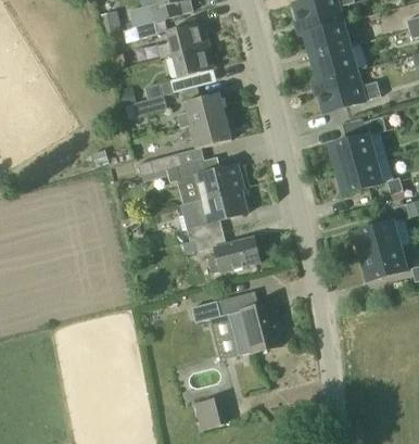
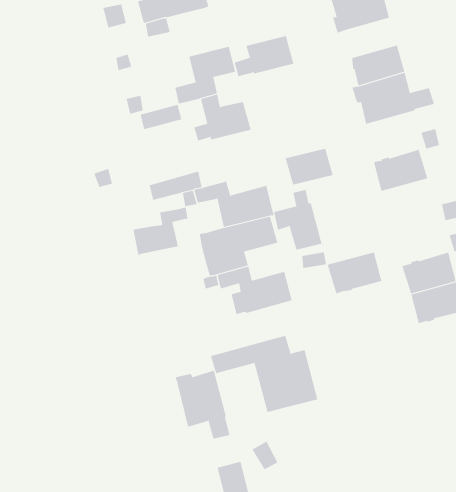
building: [155,23,206,58] -> [234,36,294,77]
building: [303,23,348,56] -> none
building: [190,117,231,149] -> [285,148,333,185]
building: [334,158,381,194] -> [327,252,382,294]
building: none -> [273,189,322,251]
building: none -> [133,207,188,256]
building: none -> [175,370,230,439]

